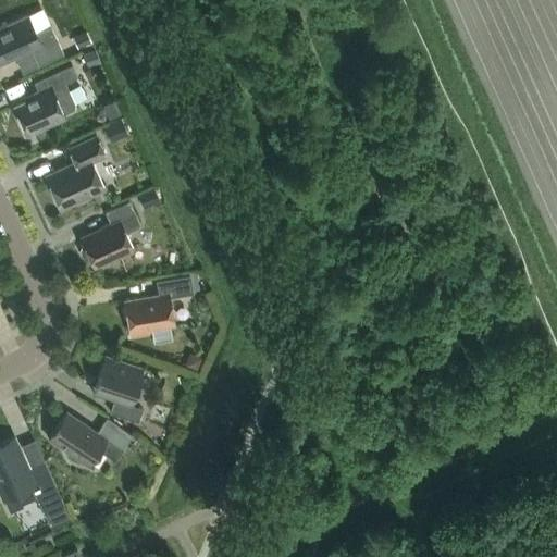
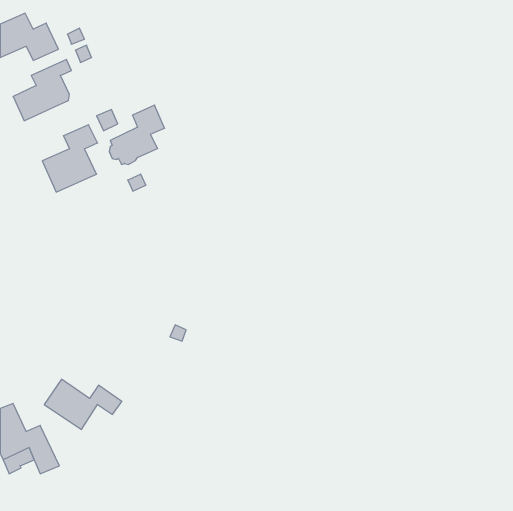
building: [82,203,141,268] -> [109,105,165,164]
building: [125,277,194,341] -> none
building: [94,358,144,424] -> none

